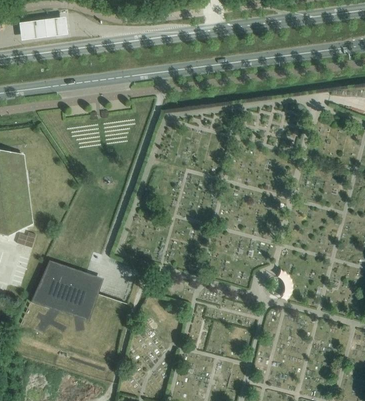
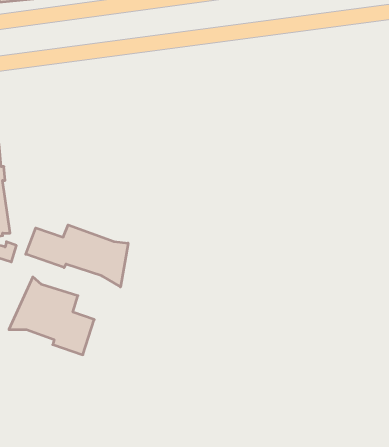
building: none -> [26,225,128,287]

